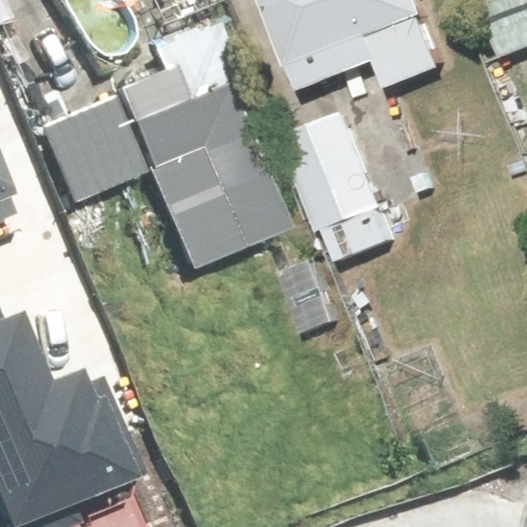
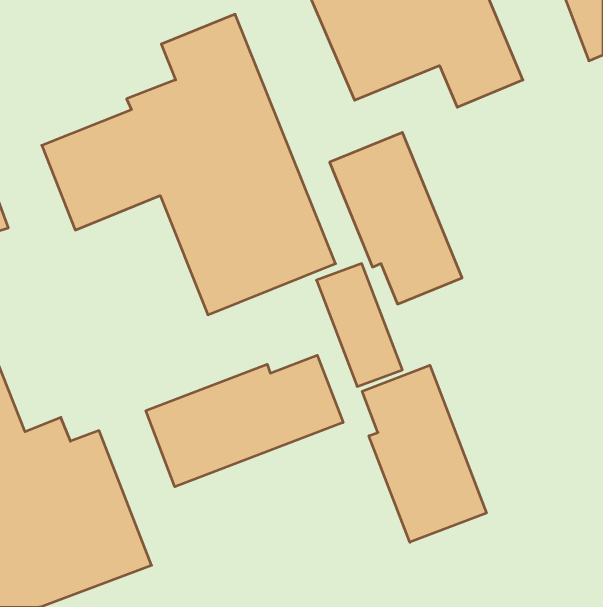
building: none -> [146,355,343,487]
building: none -> [362,365,486,542]

